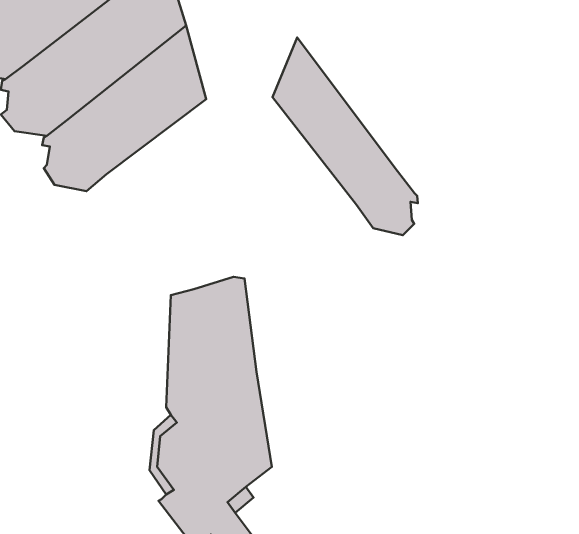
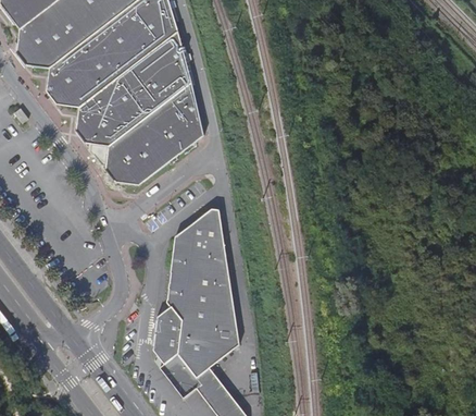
building: [272,38,418,235] -> none
building: none -> [105,81,203,185]

